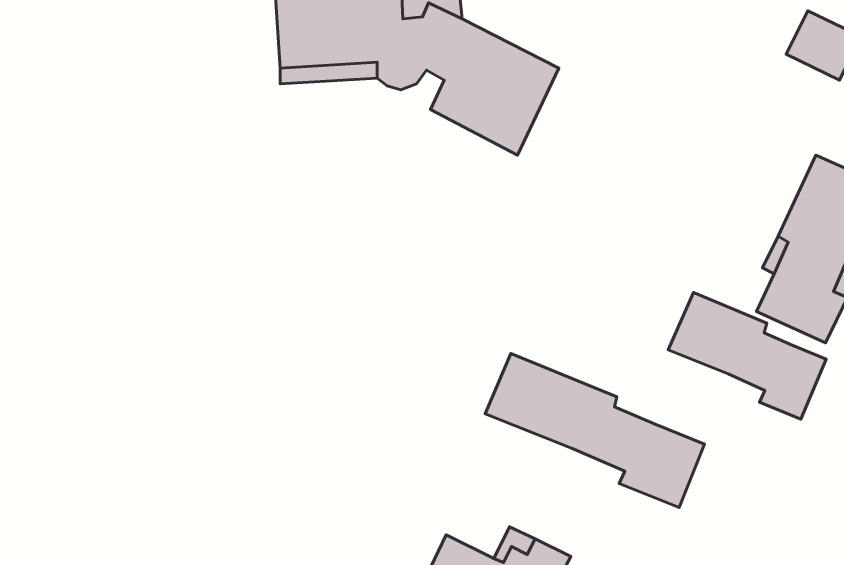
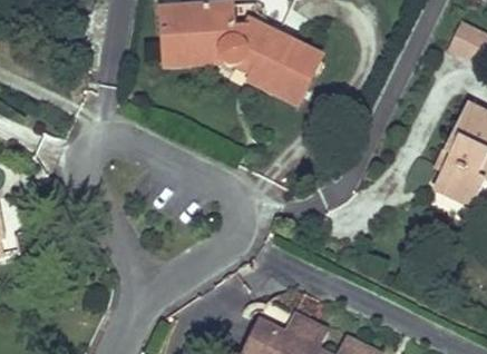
building: [668,292,826,419] -> none
building: [485,353,705,507] -> none

